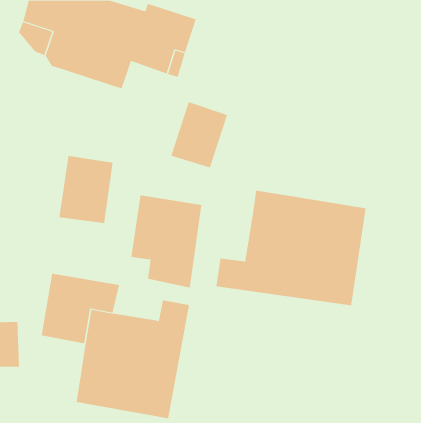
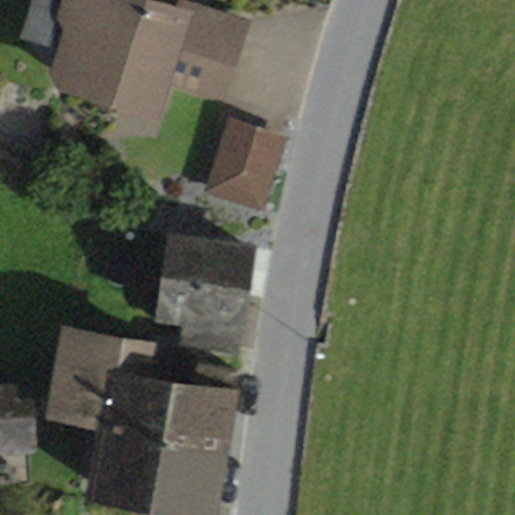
building: [59,155,113,224] -> none
building: [216,190,366,306] -> none

